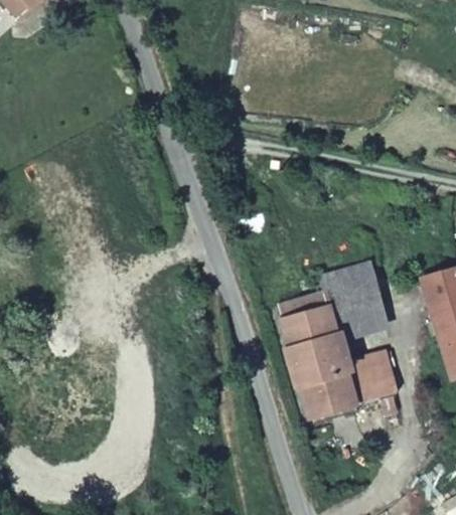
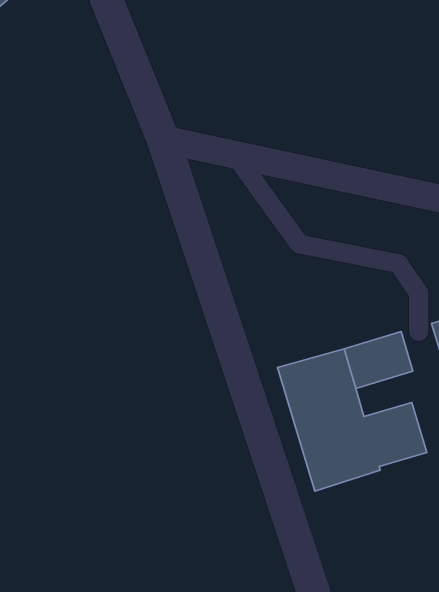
building: [323,260,381,302] -> none

